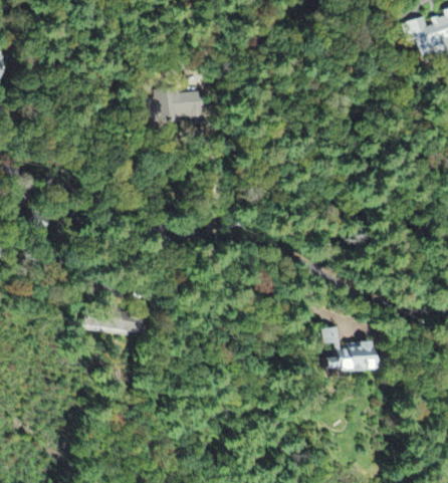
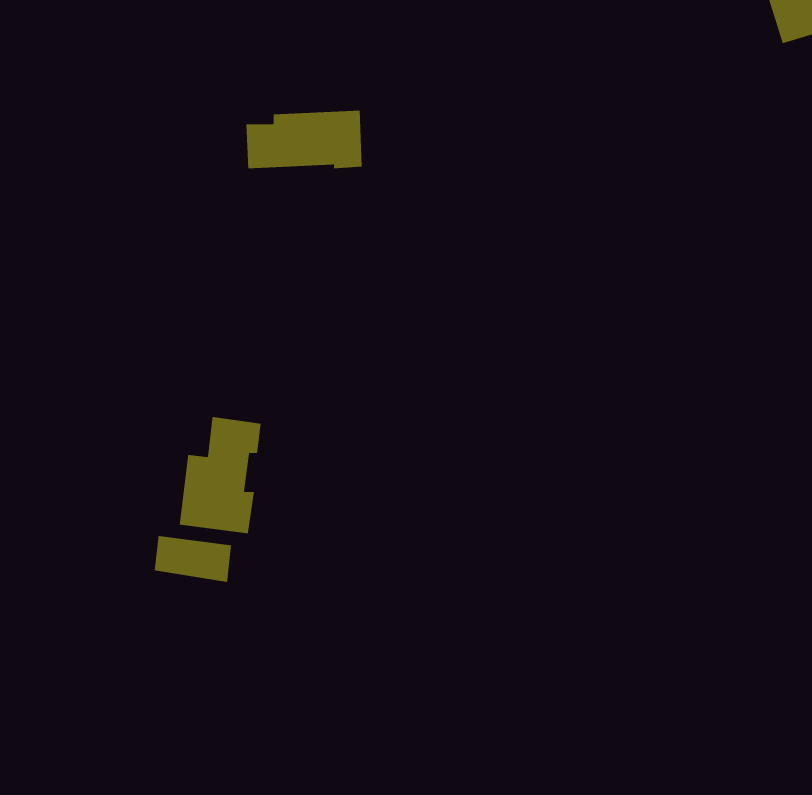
building: none -> [179,416,261,534]
building: [324,328,372,372] -> none

